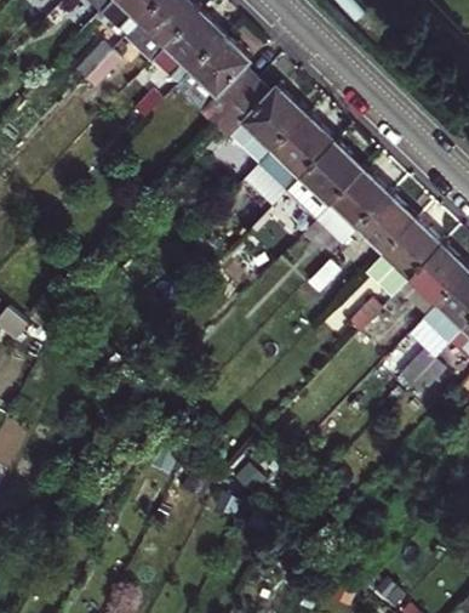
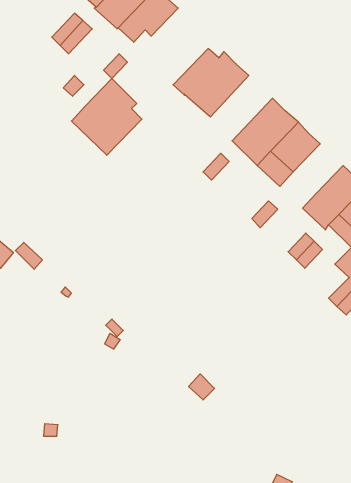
building: [176,34,258,124] -> [71,79,142,155]
building: [261,113,333,189] -> none
building: [358,193,416,251] -> none

